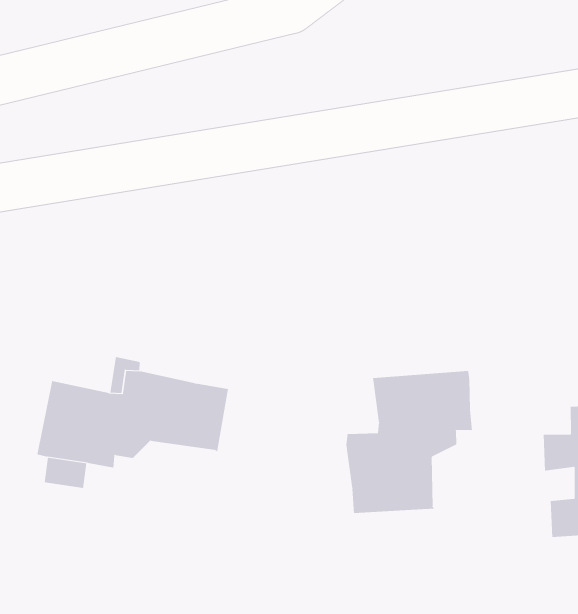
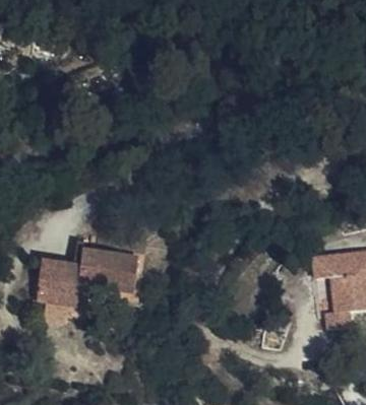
building: [346,370,473,514] -> none

